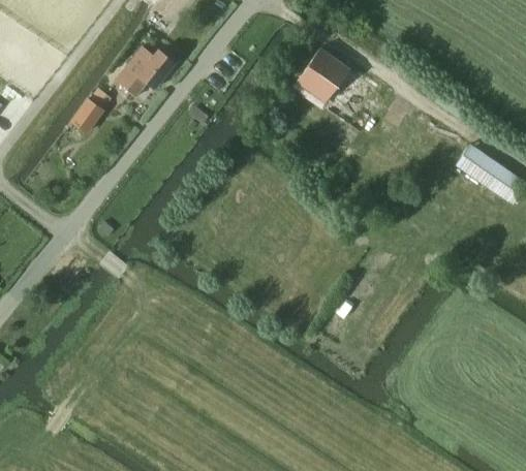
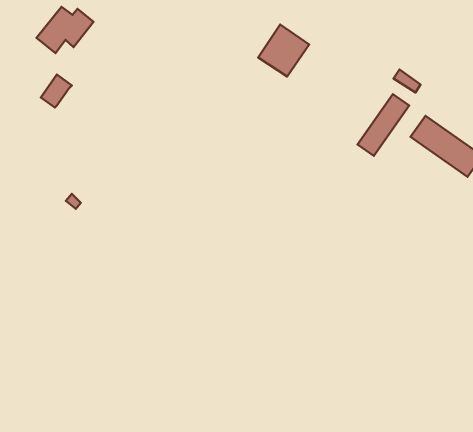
building: [116,48,175,95] -> [37,7,94,53]
building: none -> [357,94,409,156]

